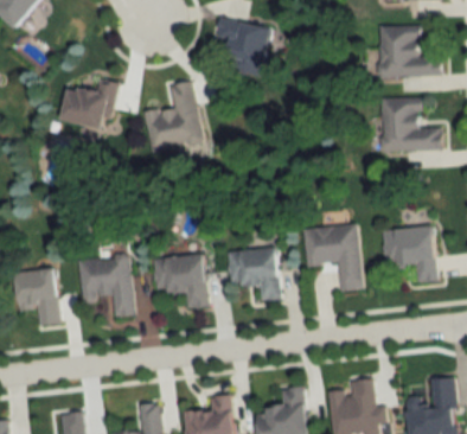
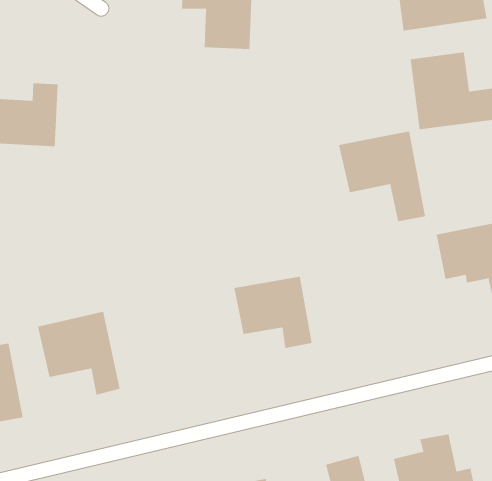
building: [145,81,201,151] -> none
building: [303,224,362,291] -> [338,131,426,222]
building: [153,255,209,308] -> none

